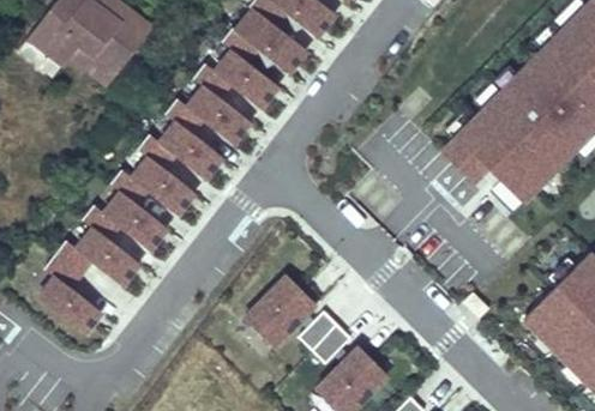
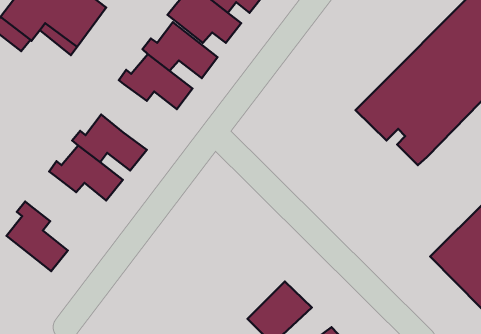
building: [140,117,226,182] -> none
building: [59,223,144,288] -> none
building: [245,276,319,349] -> none
building: [299,310,350,363] -> none

